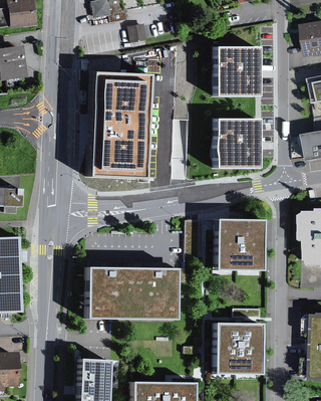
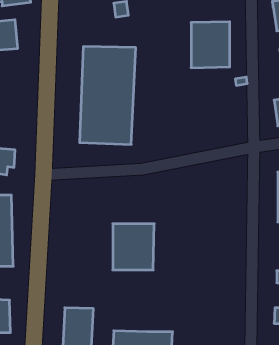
building: [211,118,256,169] -> none
building: [211,214,262,269] -> none
building: [82,266,126,317] -> none
building: [209,324,256,374] -> none

